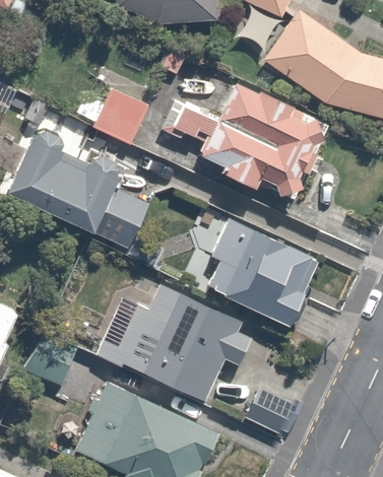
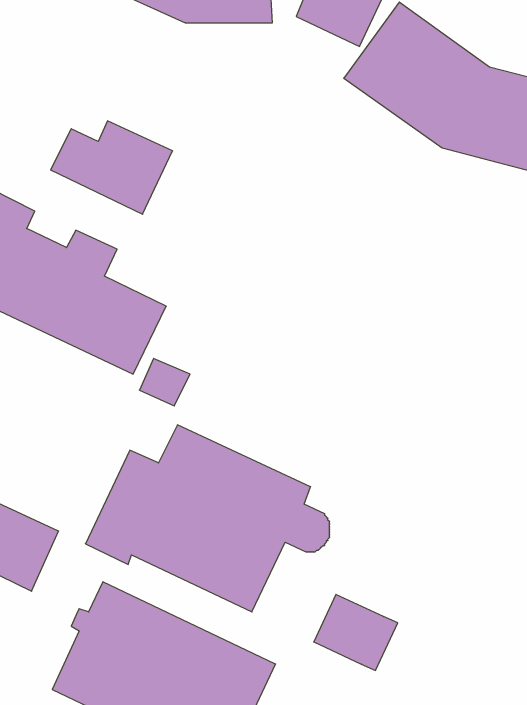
building: [159,75,331,203] -> none
building: [202,214,315,327] -> none

